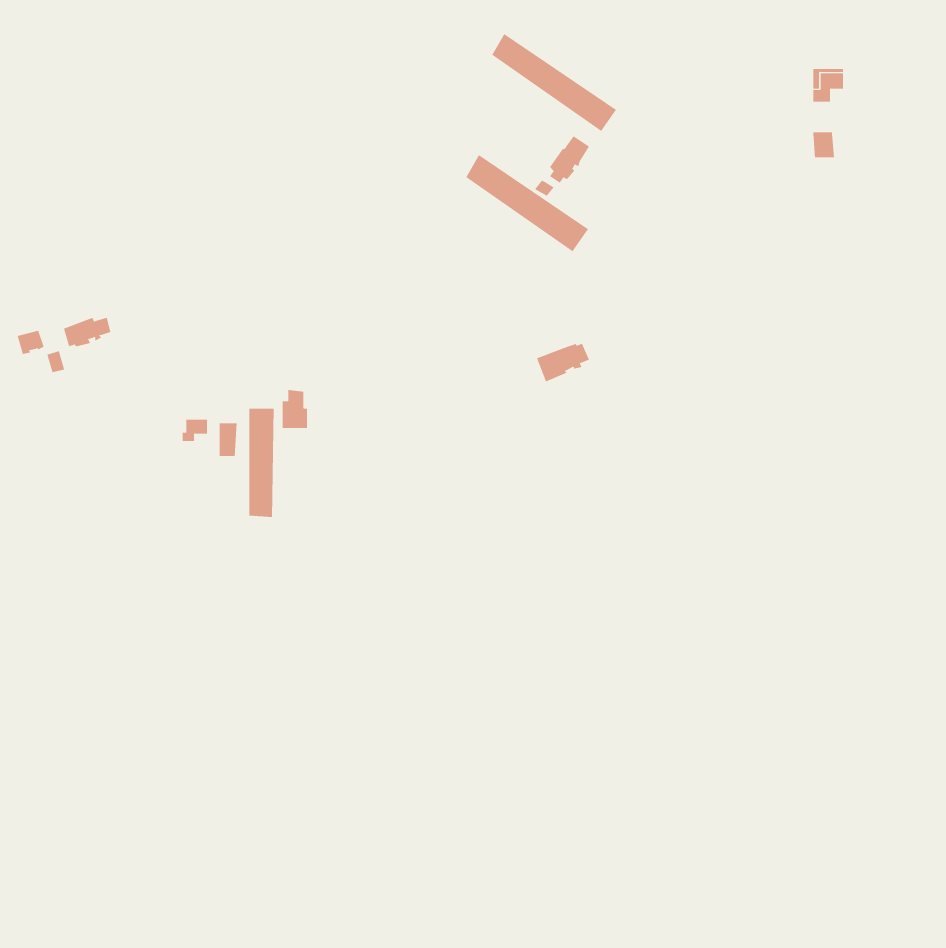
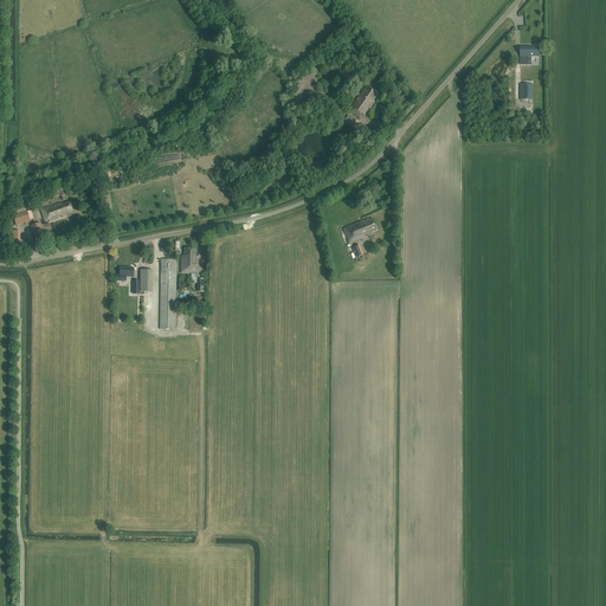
building: [491,33,617,132] -> none
building: [465,154,589,252] -> none

